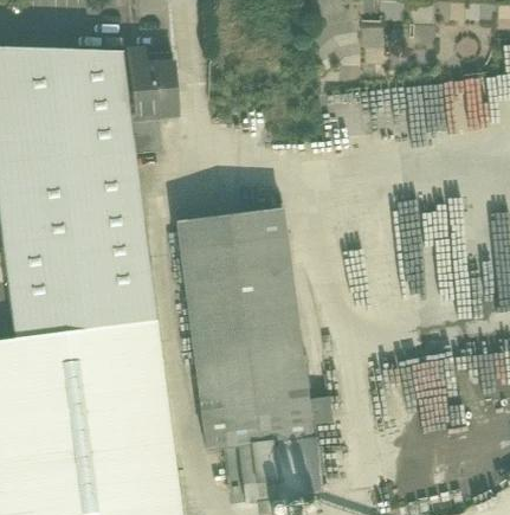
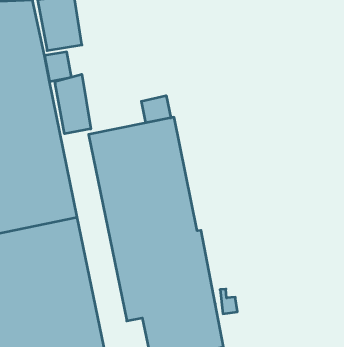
building: none -> [55,74,91,134]
building: none -> [141,96,171,123]

